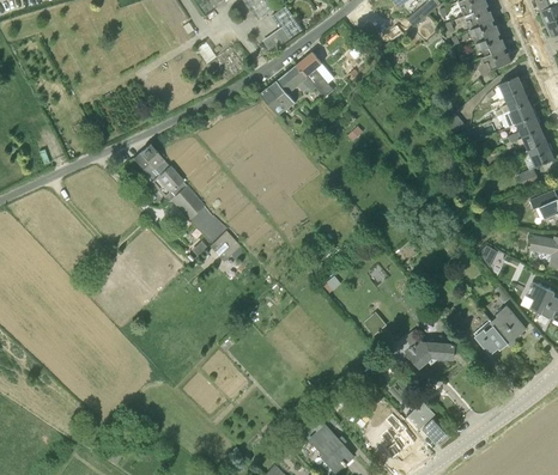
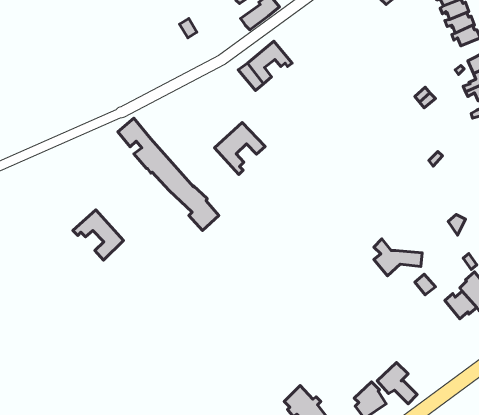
building: [297,51,333,98] -> none
building: none -> [215,123,265,175]
building: none -> [73,210,124,260]
building: [405,329,455,367] -> [374,239,422,276]

